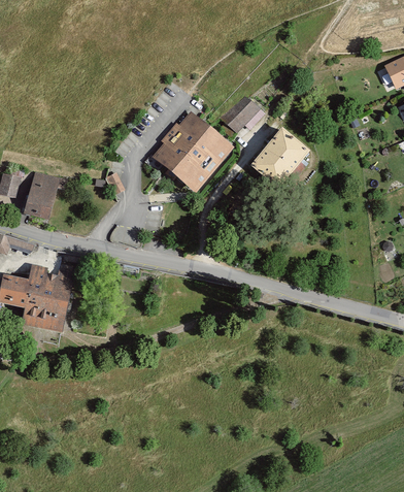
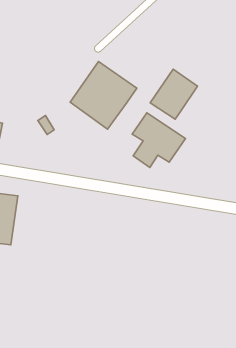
building: [227,92,266,131] -> none
building: none -> [132,113,186,167]

